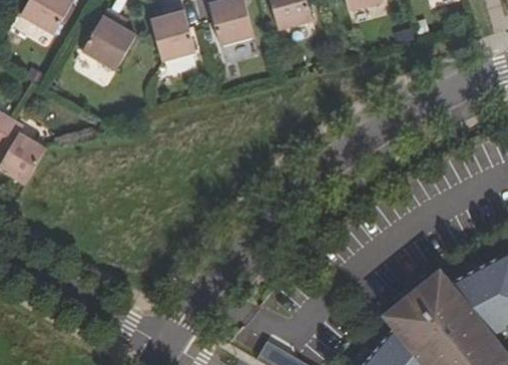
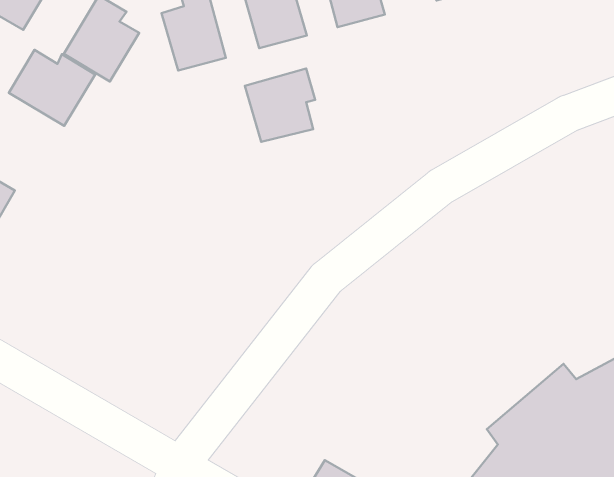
building: none -> [9,50,95,126]
building: none -> [245,68,315,142]

